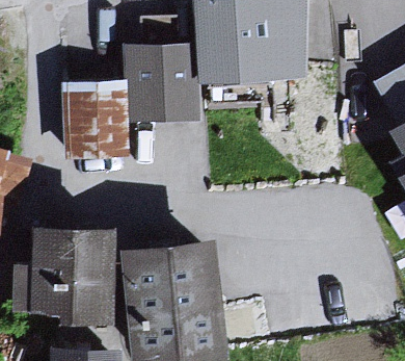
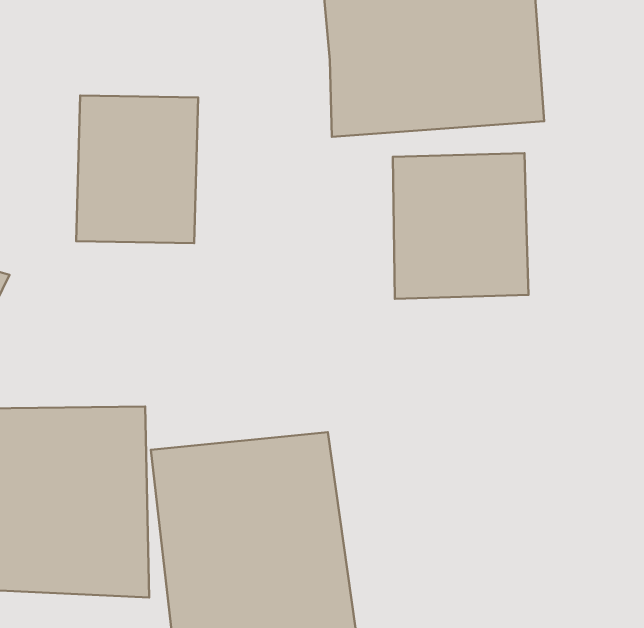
building: [130,45,201,122] -> [393,153,529,299]

